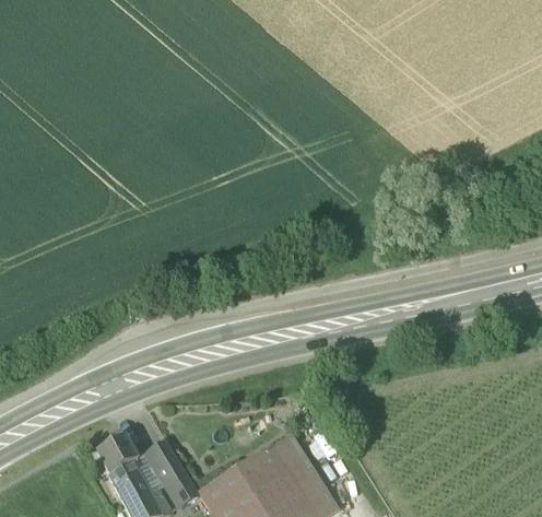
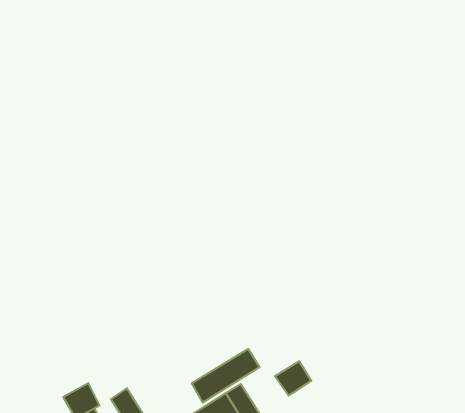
building: none -> [192,349,260,403]
building: none -> [275,361,311,396]

